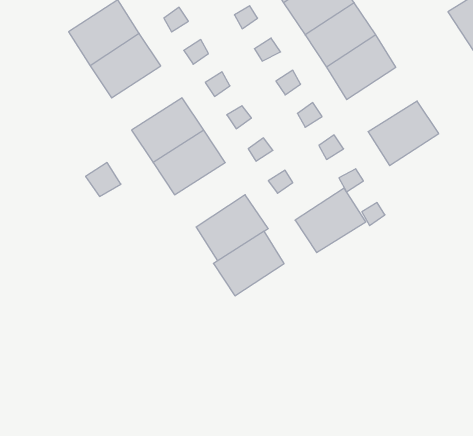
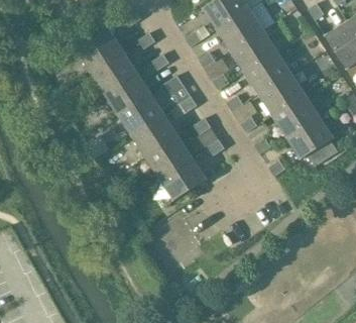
building: none -> [104,71,150,113]
building: none -> [258,72,305,114]
building: [295,188,366,253] -> [286,115,333,157]
building: [213,231,284,296] -> [145,134,192,177]

